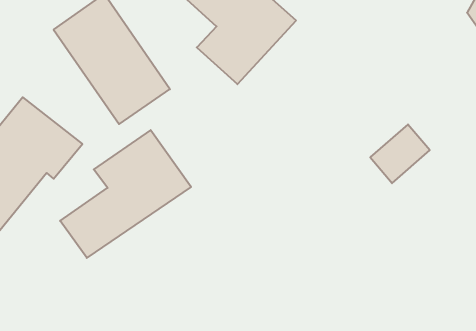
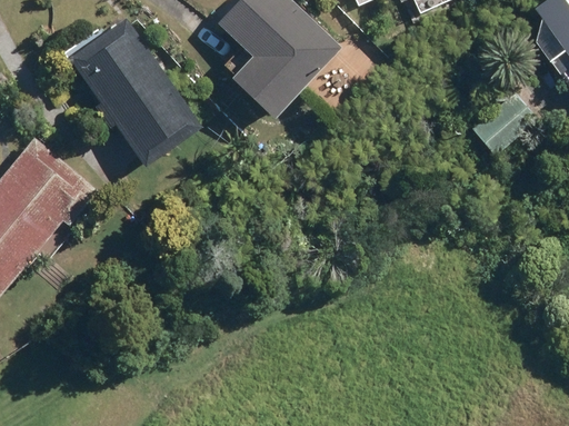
building: [370,124,430,183] -> [470,91,537,157]
building: [60,130,191,258] -> none

